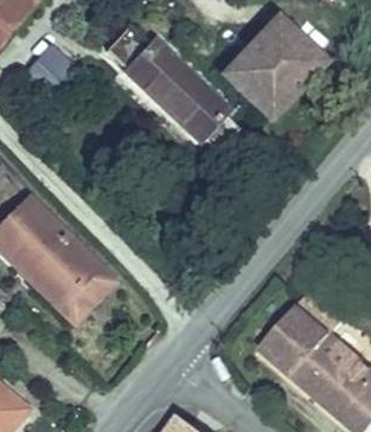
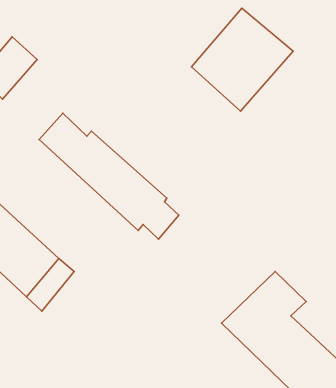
building: [102,24,241,148] -> [39,113,179,239]

